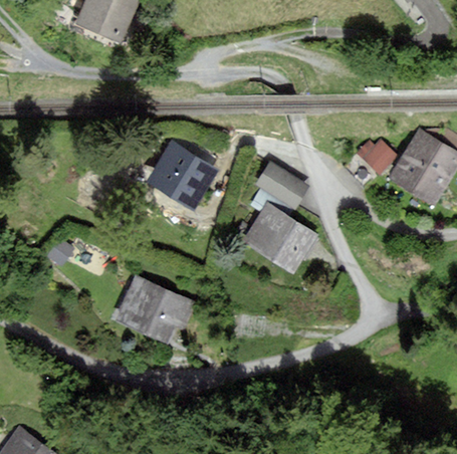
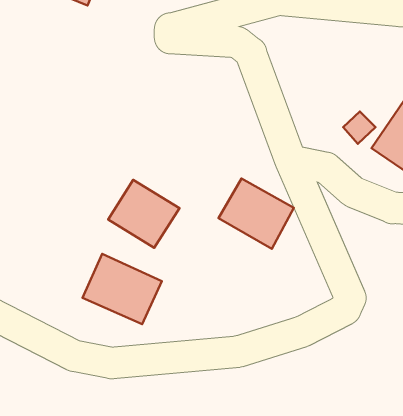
building: [146,144,214,209] -> [108,180,179,248]
building: [253,161,306,207] -> none

